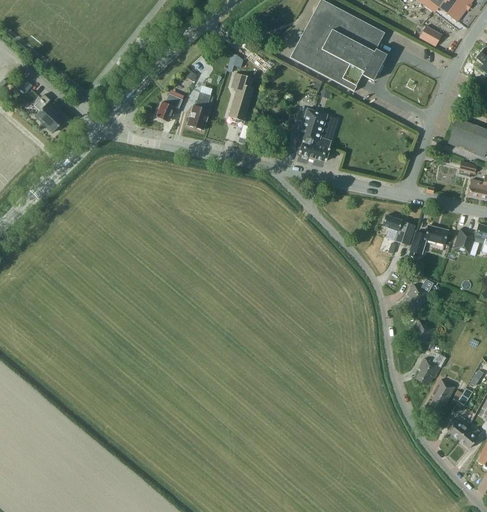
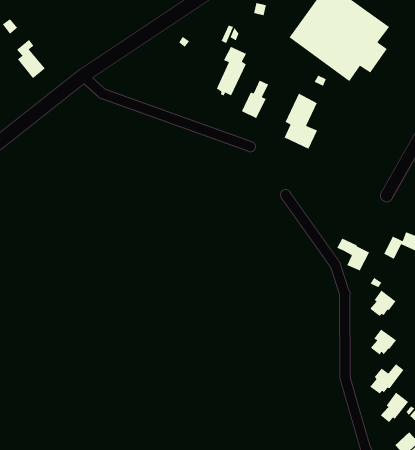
building: [187,91,210,129] -> [241,80,269,119]
building: [156,92,182,121] -> none
building: [382,214,415,244] -> [336,237,370,272]

